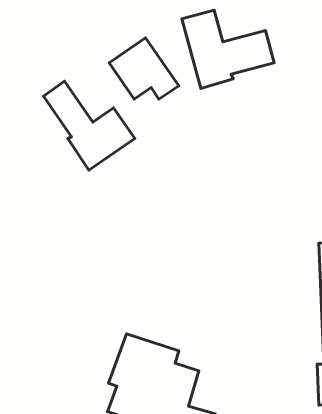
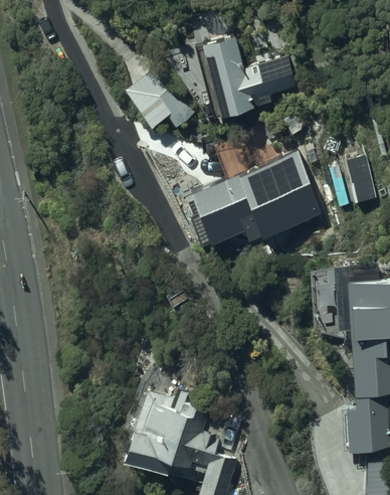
building: [43,81,135,170] -> none
building: none -> [194,150,327,249]

